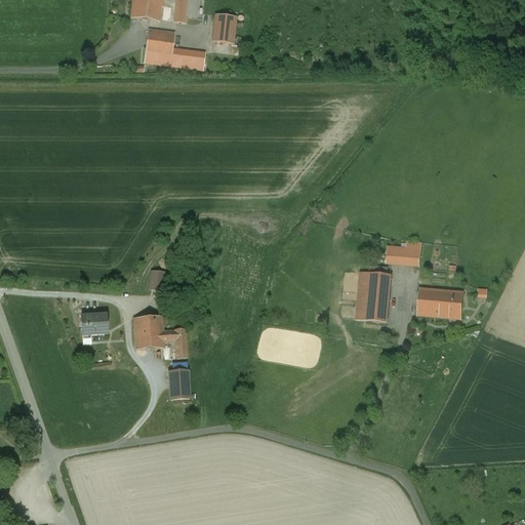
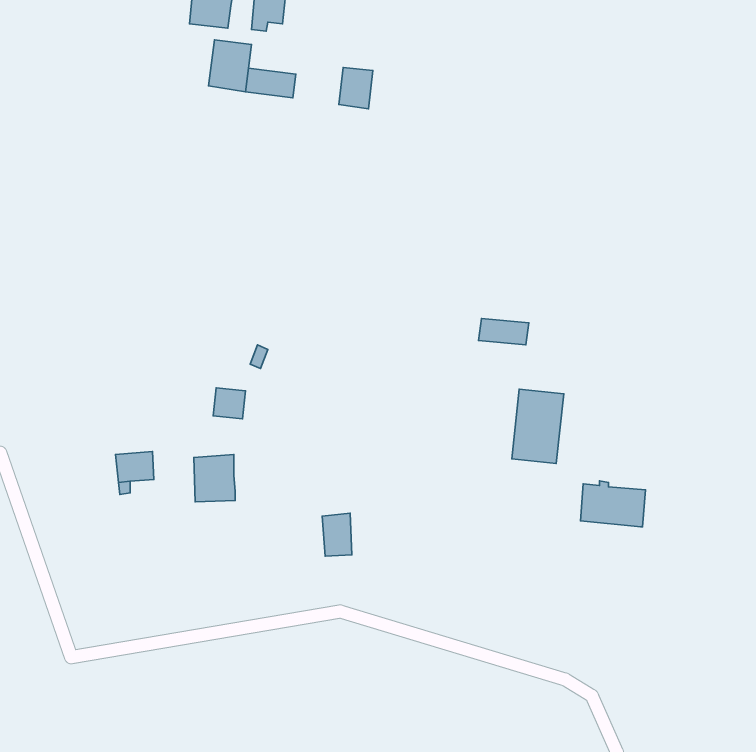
building: [212,13,236,42] -> [339,67,373,109]
building: [386,244,420,262] -> [478,318,529,345]
building: [417,285,462,317] -> [580,481,645,527]
building: [162,327,187,357] -> none
building: [168,368,189,398] -> [322,513,352,556]

